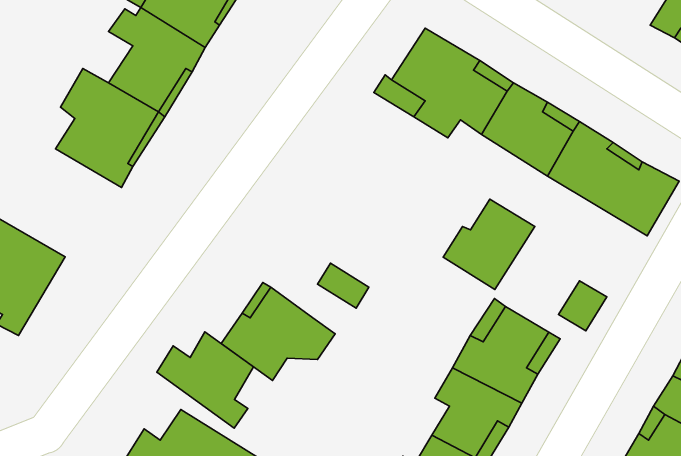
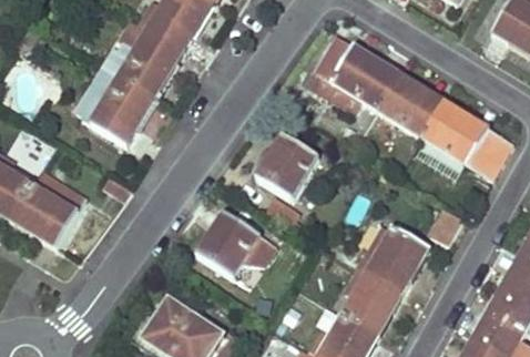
building: [443,199,535,289] -> [255,136,318,198]
building: [157,332,254,428] -> none

